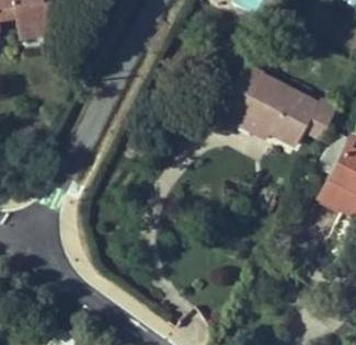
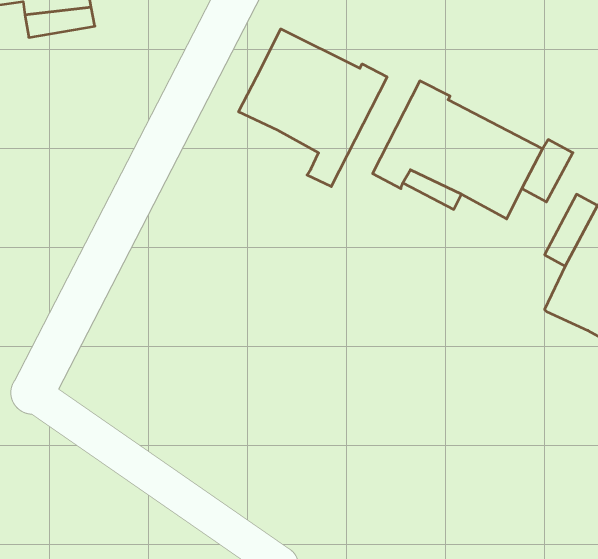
building: none -> [239,29,387,187]

